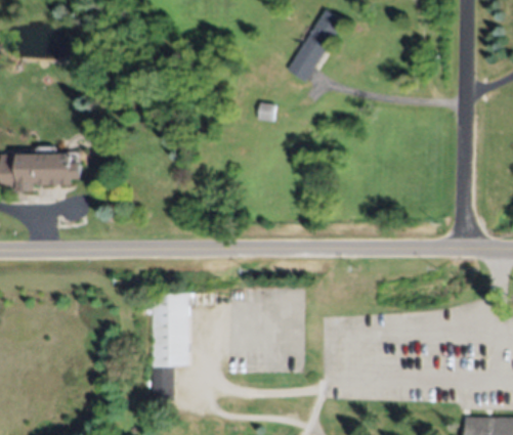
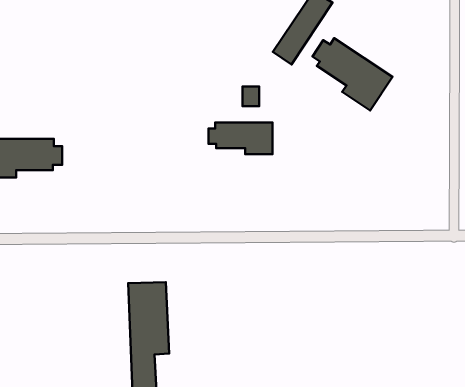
building: none -> [312,38,392,110]
building: none -> [209,122,273,154]

